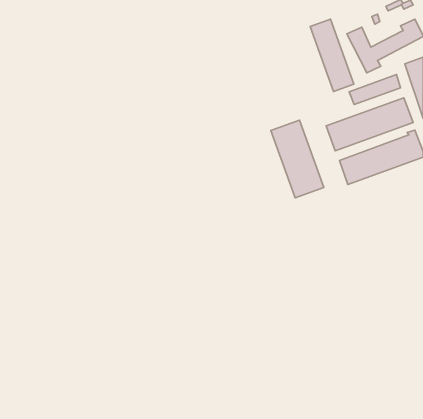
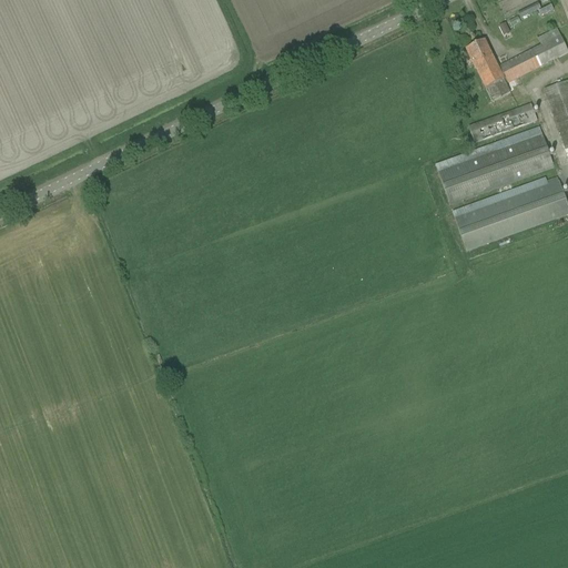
building: [310,19,354,91] -> none
building: [271,120,324,198] -> none

